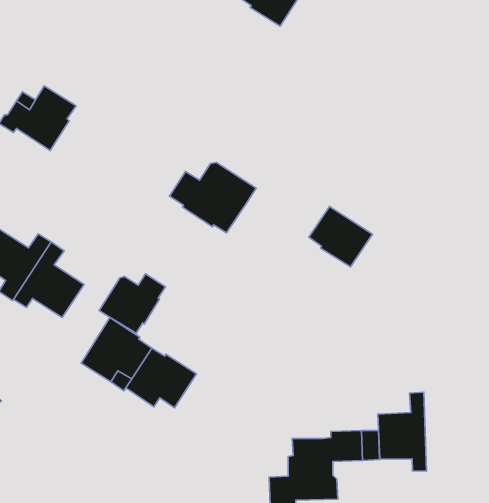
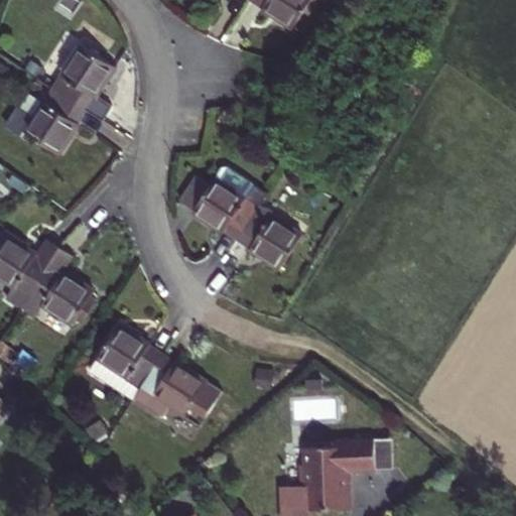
building: none -> [51,45,114,110]
building: [309,206,372,267] -> [236,208,300,269]
building: [99,274,166,333] -> none
building: [378,392,427,471] -> none

